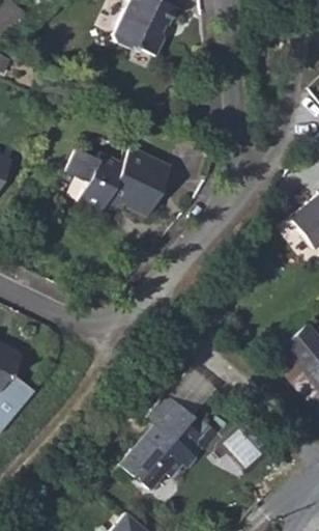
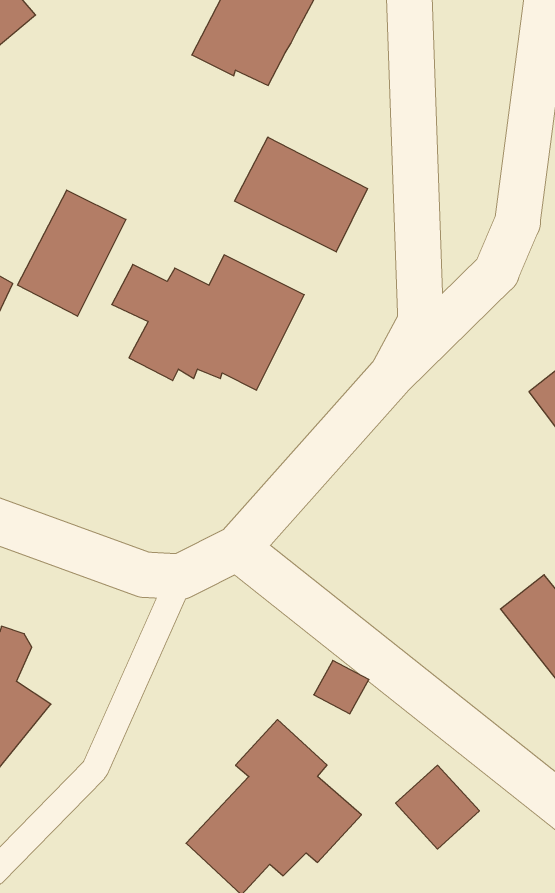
building: none -> [235,137,368,252]
building: none -> [18,190,126,316]

